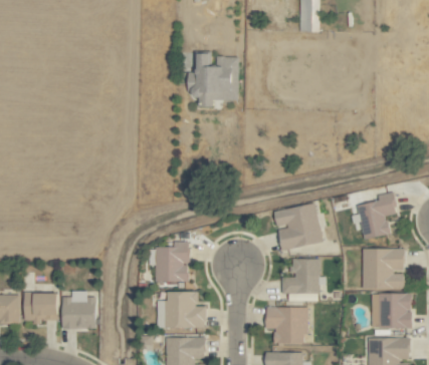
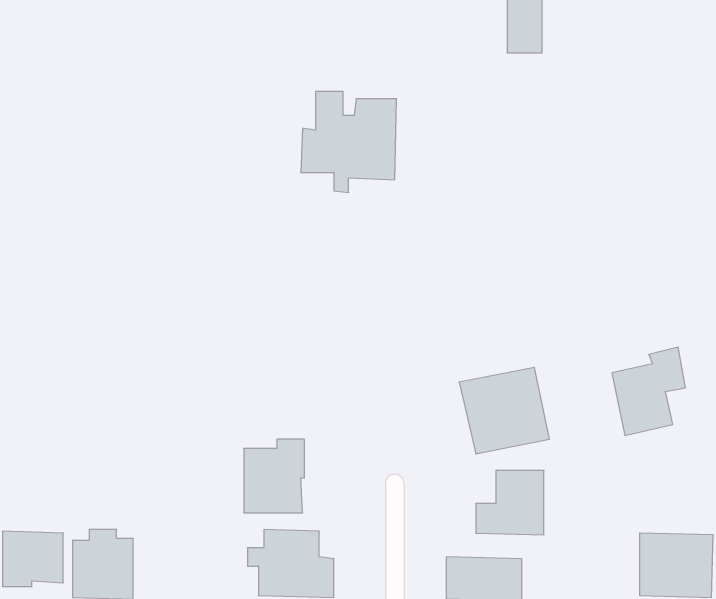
building: [362,248,405,289] -> none

